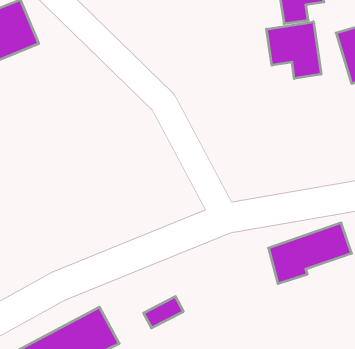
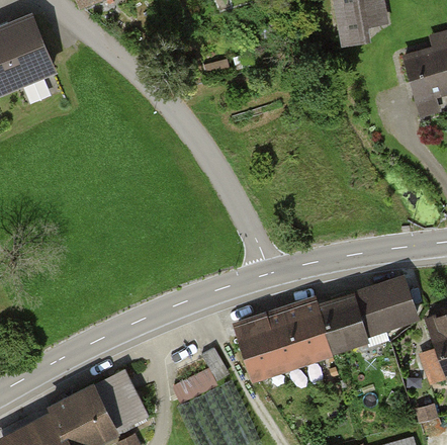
building: [266,22,321,79] -> none
building: none -> [238,302,332,375]

